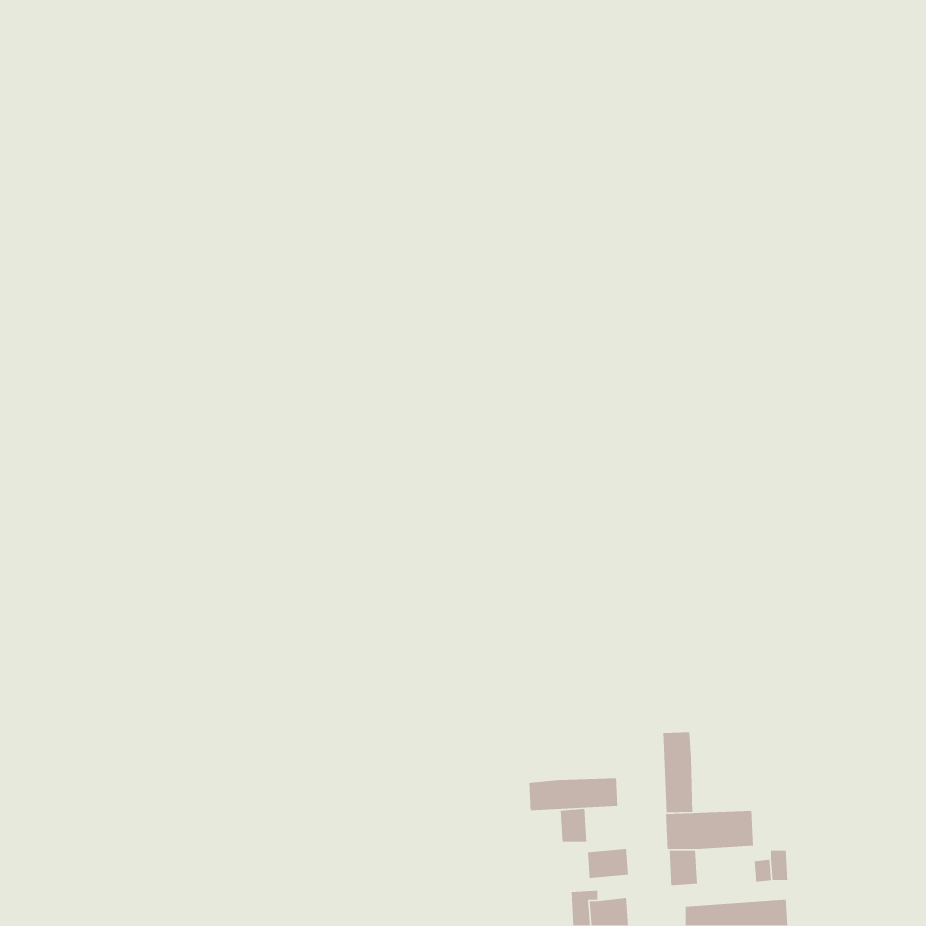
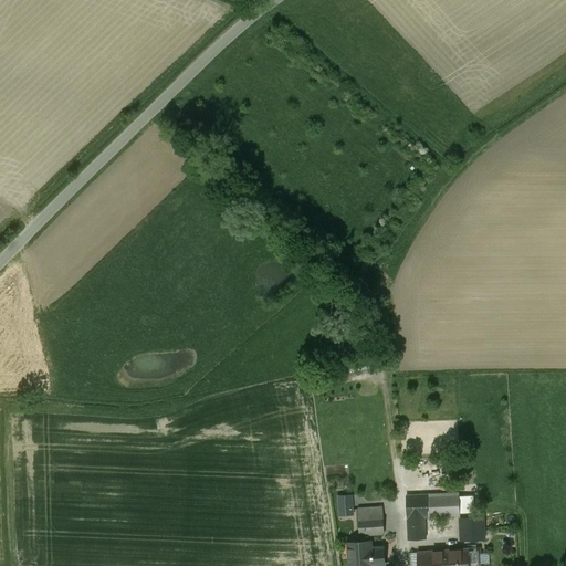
building: [663,732,693,813] -> none
building: [529,778,618,811] -> none

